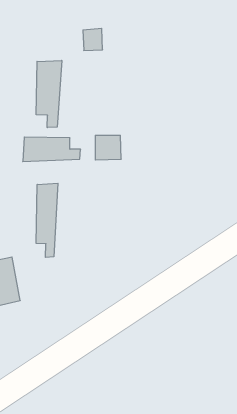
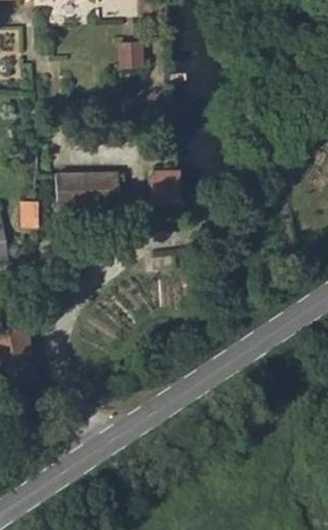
building: [36,60,62,128] -> none
building: [36,183,58,257] -> none

